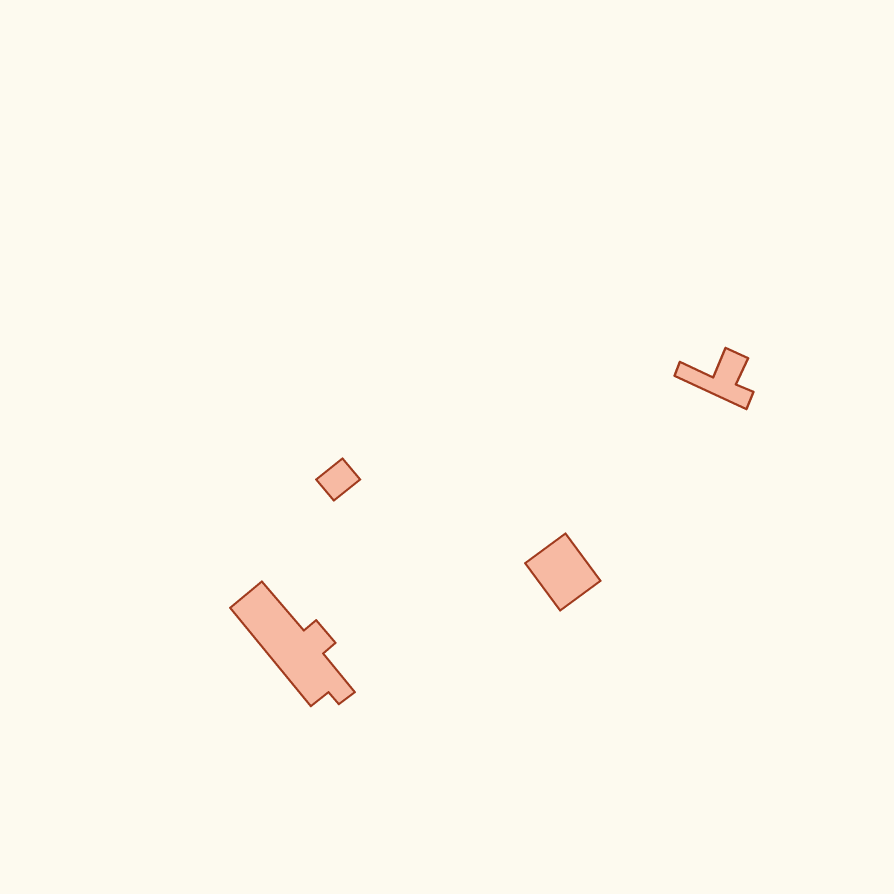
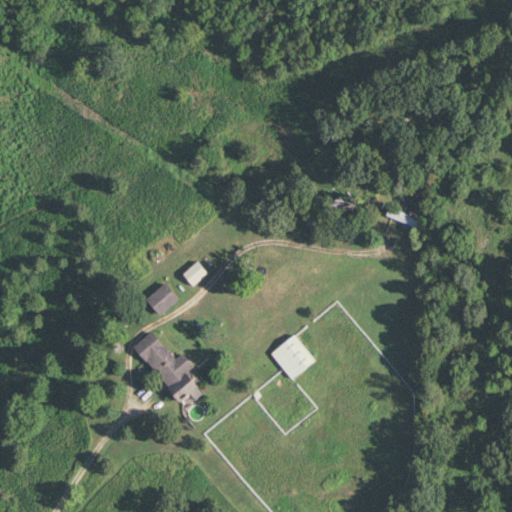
building: none -> [145,282,179,315]
building: [525,533,601,611] -> [271,335,314,379]

